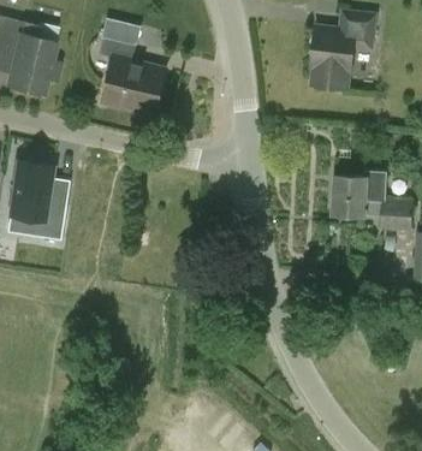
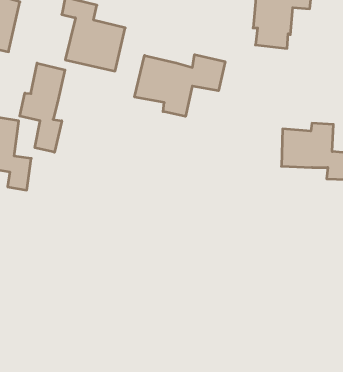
building: none -> [135,55,225,116]
building: none -> [20,63,65,152]

